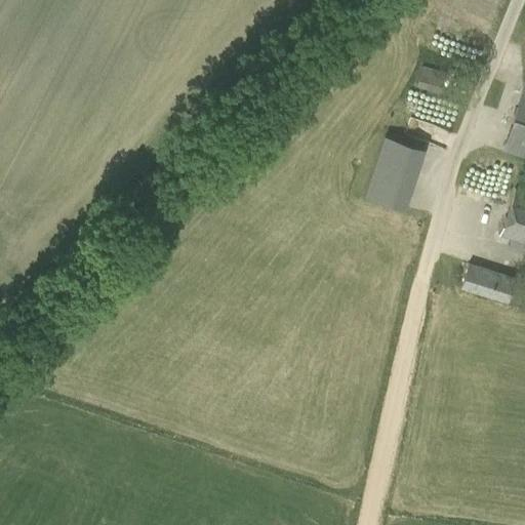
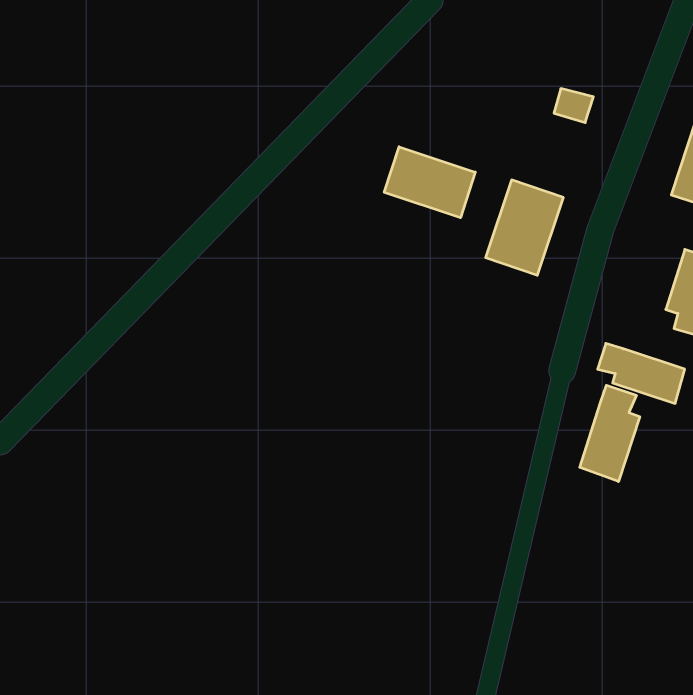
building: none -> [384,147,475,218]
building: none -> [580,385,640,482]

